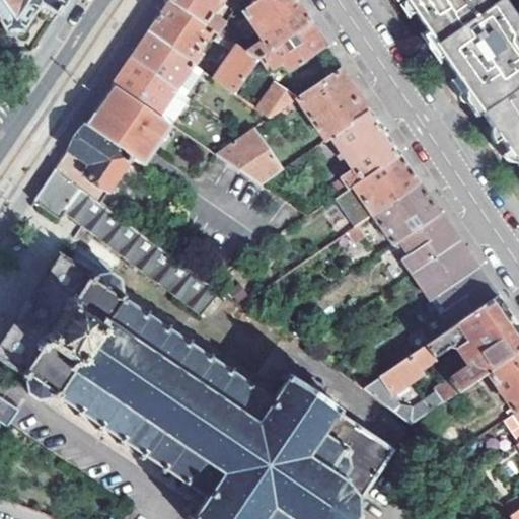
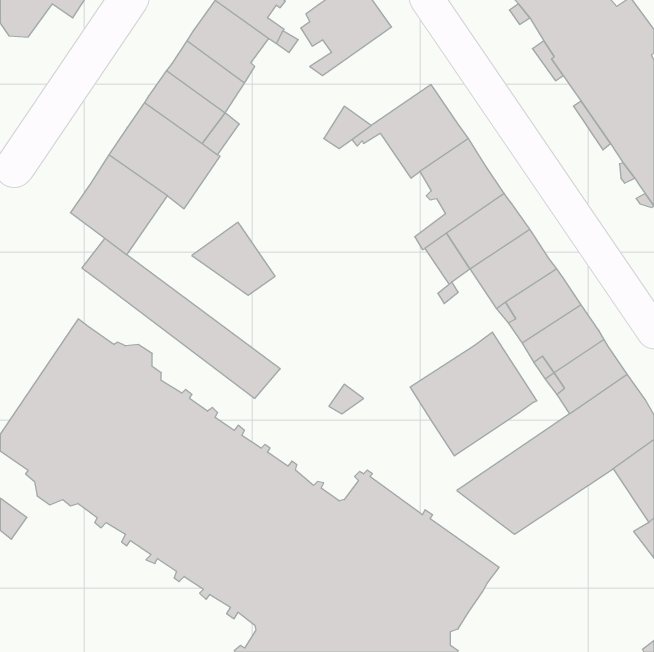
building: [263,21,326,72] -> none
building: [214,47,255,93] -> none
building: [217,128,283,186] -> [192,222,275,295]
building: [33,168,83,219] -> none
building: none -> [410,332,537,456]

